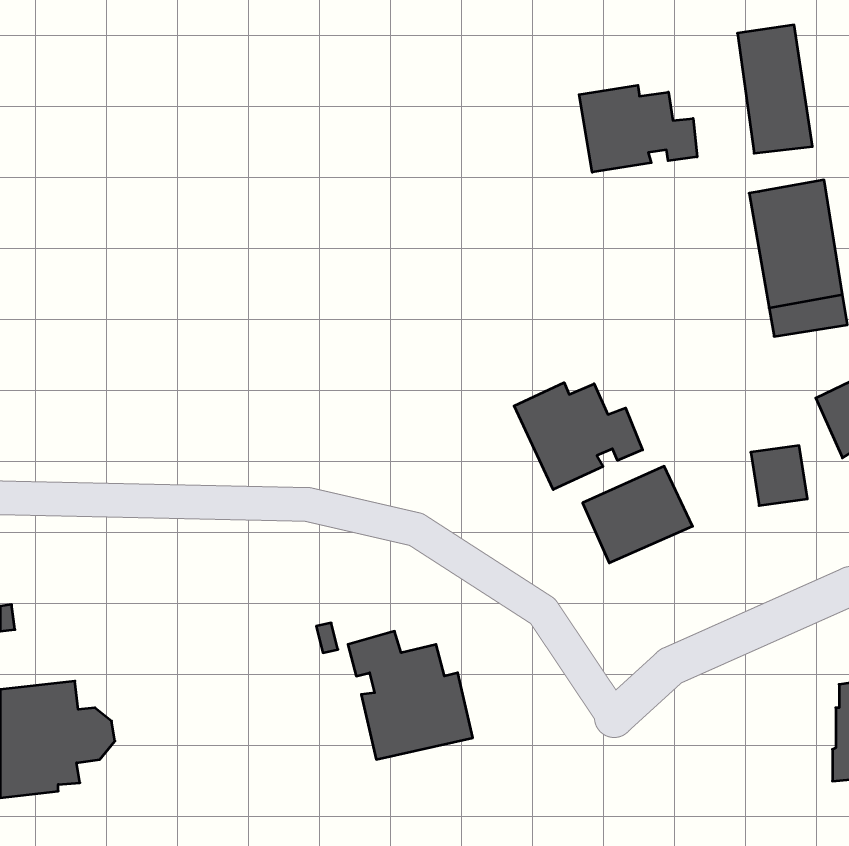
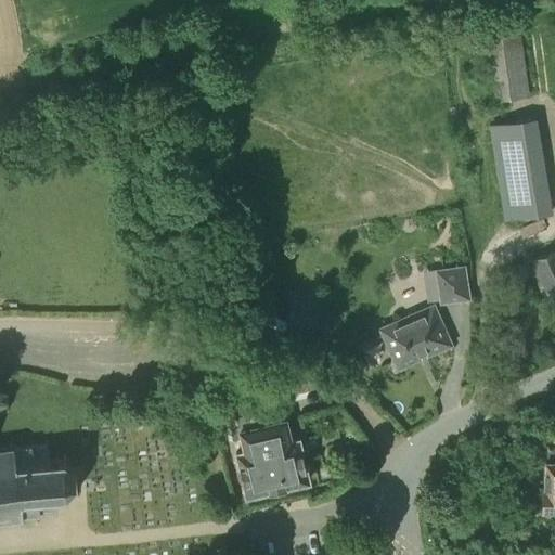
building: [579,85,697,172] -> none
building: [514,383,643,490] -> none
building: [751,446,807,506] -> [435,267,472,306]

